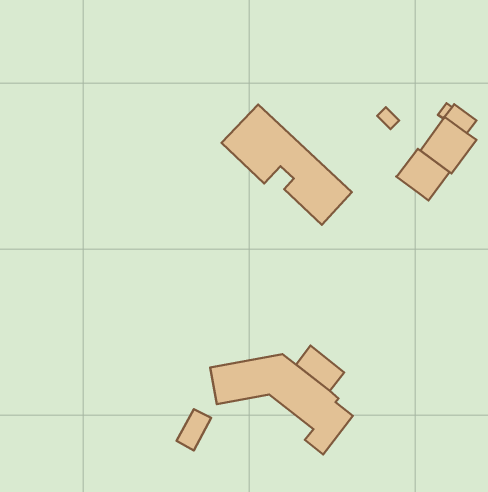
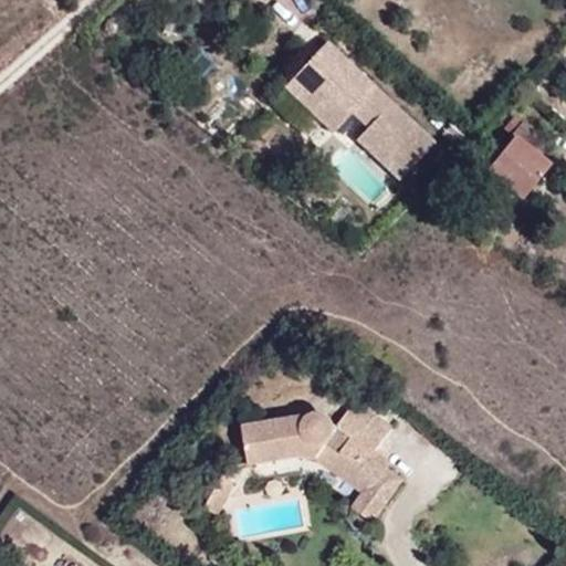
building: [222,104,352,225] -> [279,41,428,179]
building: [396,149,449,201] -> none

